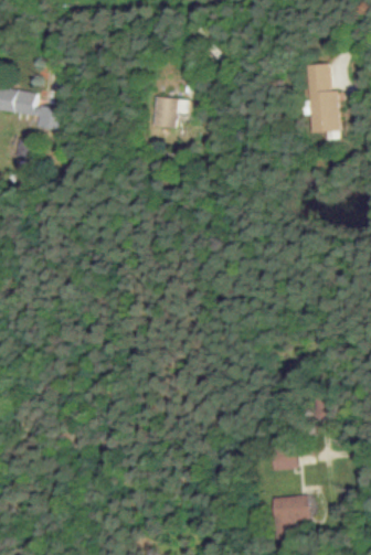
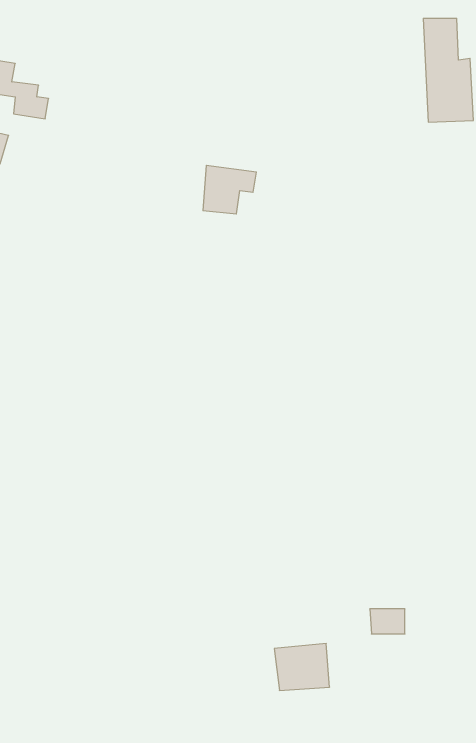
building: [152,96,188,128] -> [203,165,256,214]
building: [273,494,309,525] -> [274,644,330,690]

